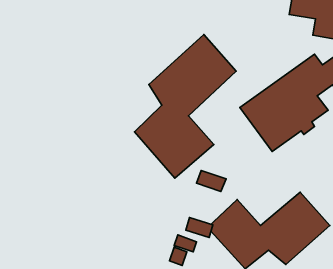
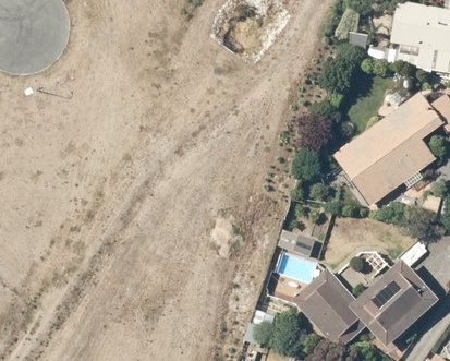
building: [135,35,236,178] -> none

